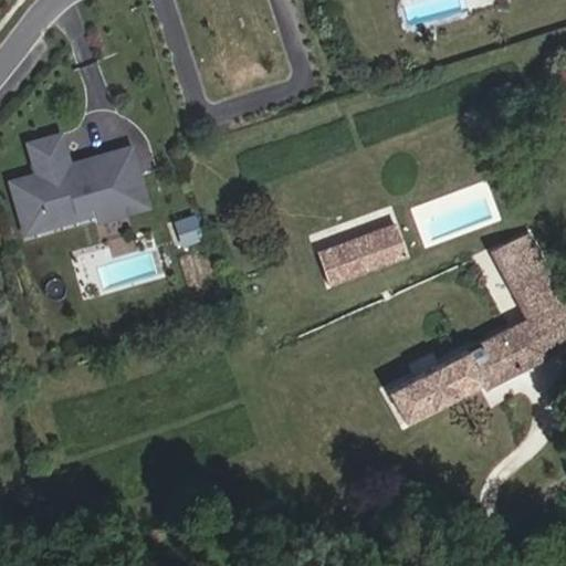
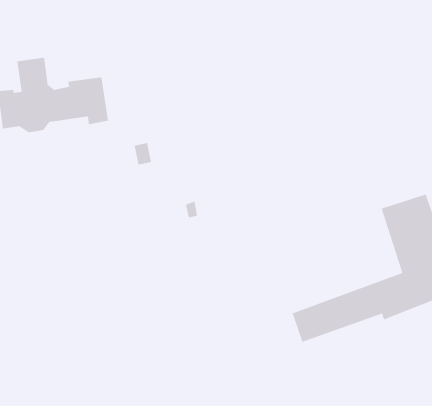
building: [318,223,408,284] -> none

